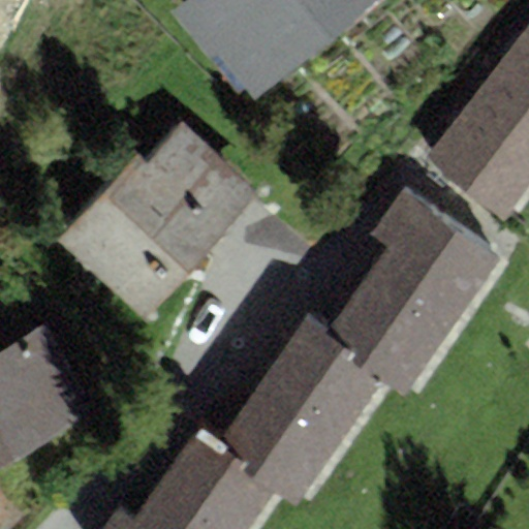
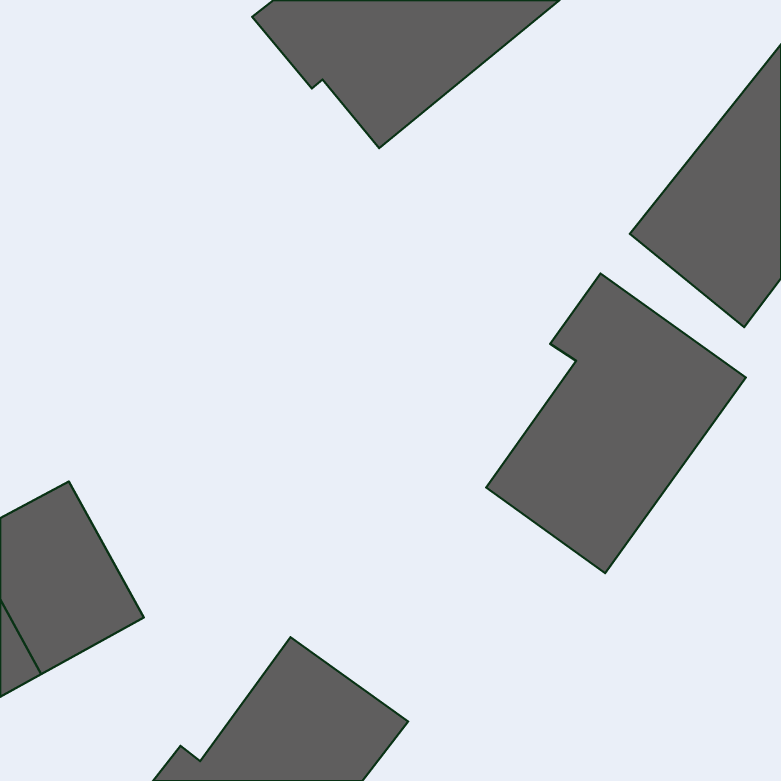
building: [57,125,260,320] -> none
building: [214,314,387,501] -> none

